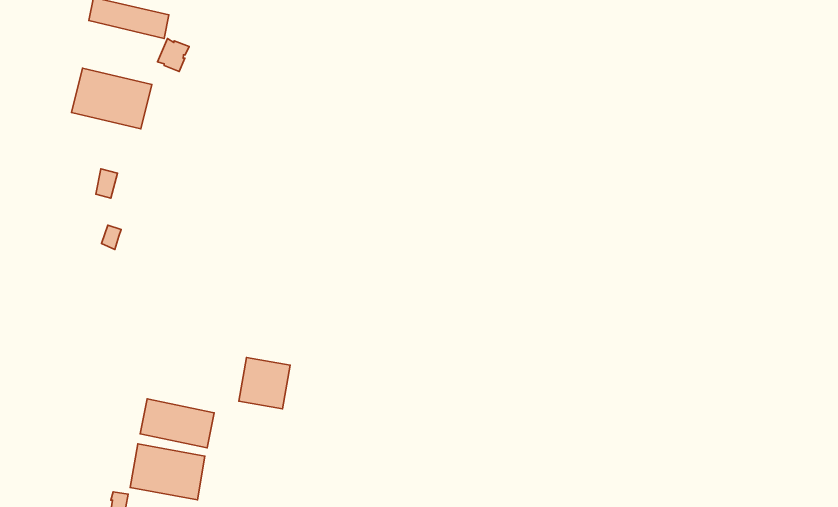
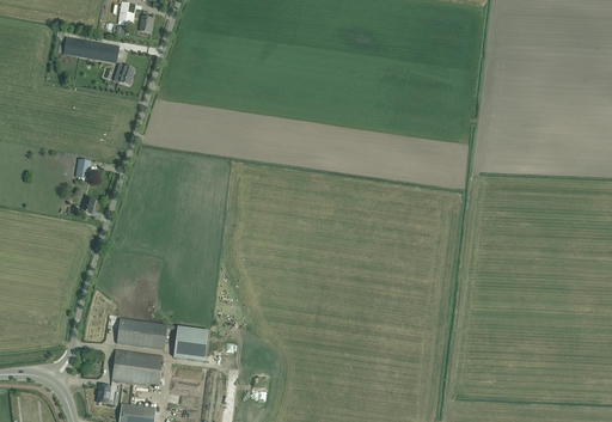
building: [71,68,152,129] -> none
building: [239,358,290,409] -> [173,325,208,360]

